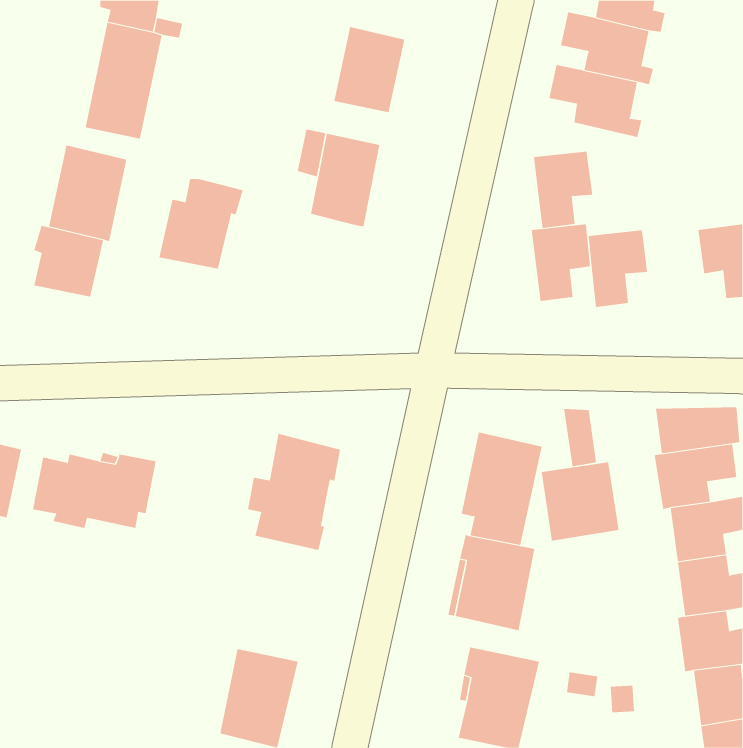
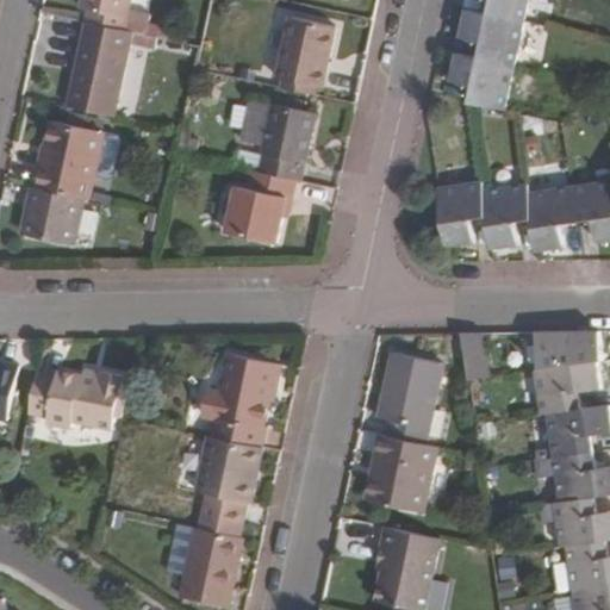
building: [533,151,593,229] -> [524,187,573,250]
building: [159,179,243,269] -> [220,174,290,248]
building: [541,462,619,542] -> none
building: none -> [195,436,261,537]

